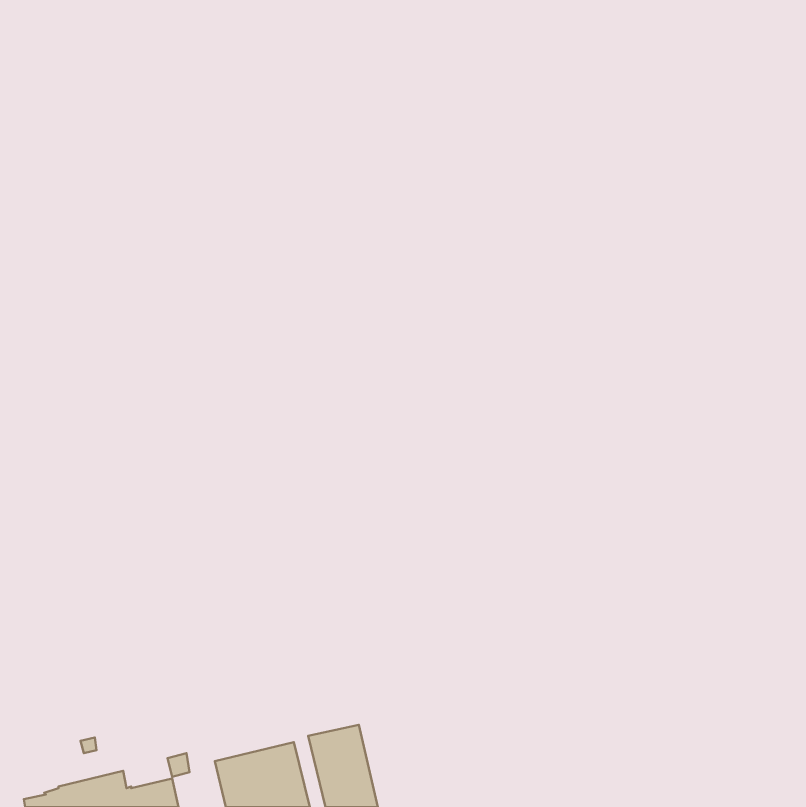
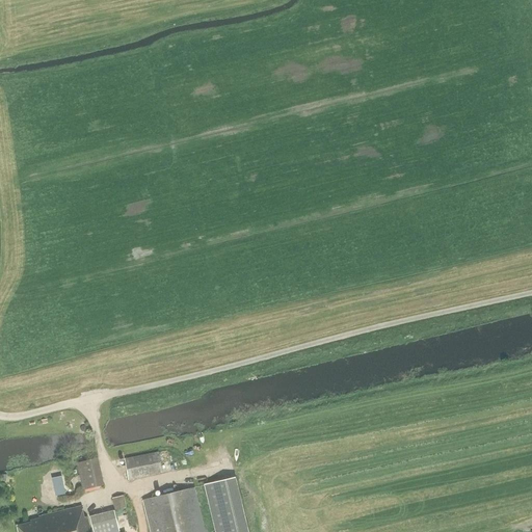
building: none -> [123,452,161,480]
building: none -> [77,459,103,490]

